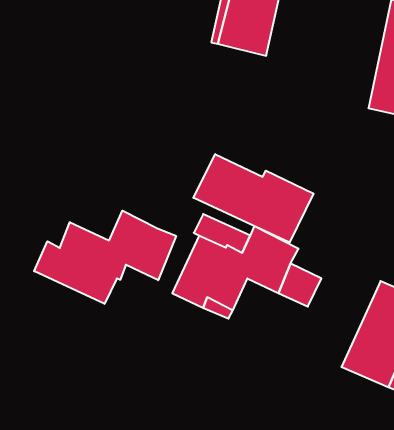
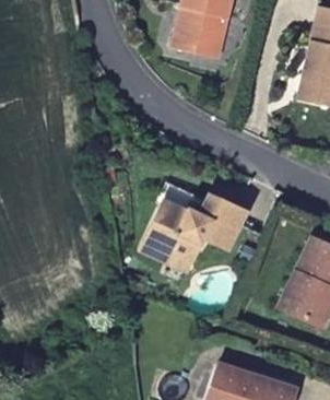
building: [193,154,313,243] -> none
building: [34,211,176,304] -> none

